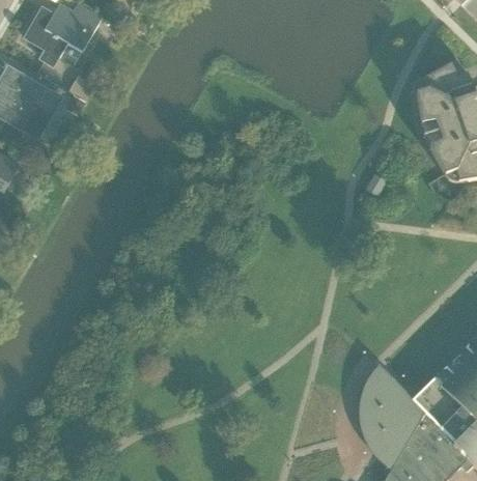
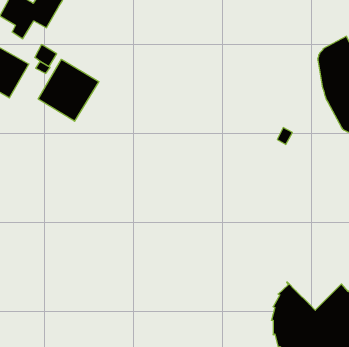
building: none -> [38,59,99,121]

